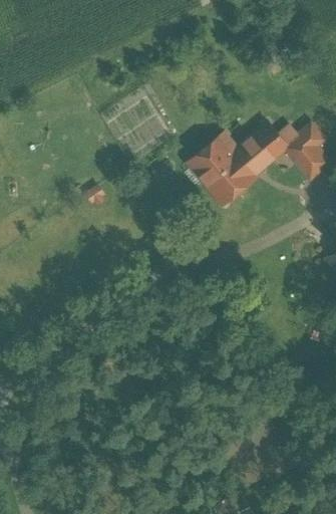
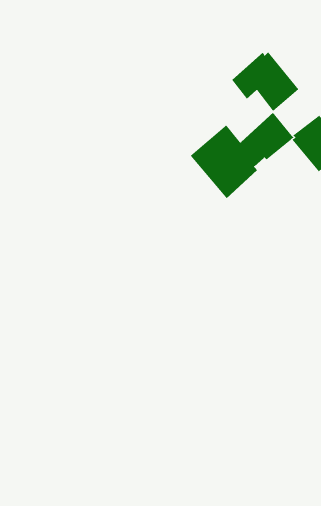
building: none -> [231,51,299,112]

